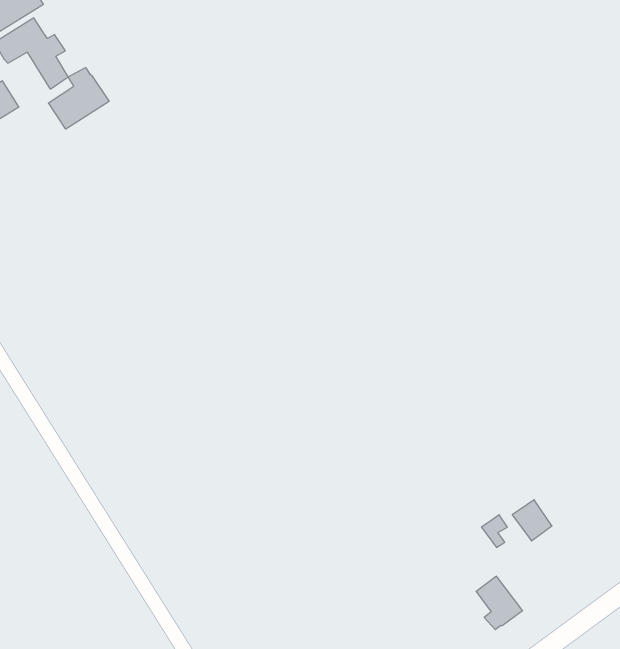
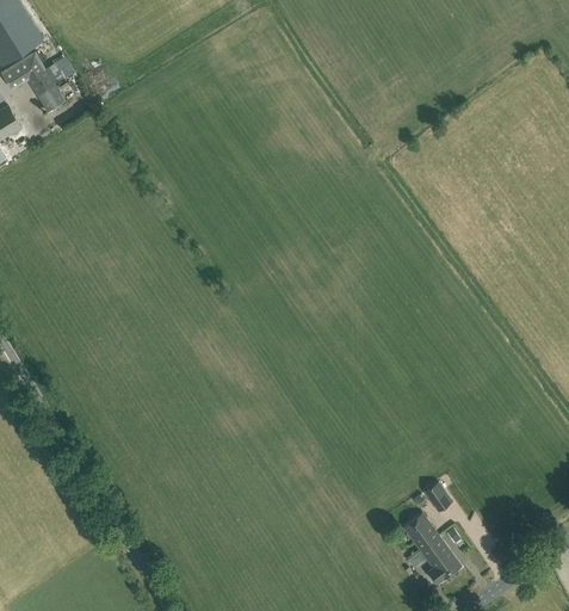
building: [48,68,109,129] -> none
building: [512,500,552,541] -> [402,513,437,549]

